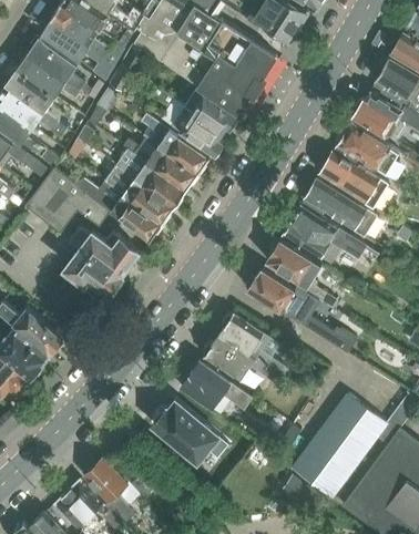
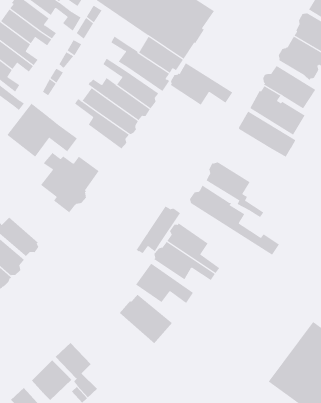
building: [78,177,165,239] -> none
building: [284,205,360,257] -> [170,62,233,105]
building: none -> [136,206,181,254]
building: [293,393,388,496] -> none

